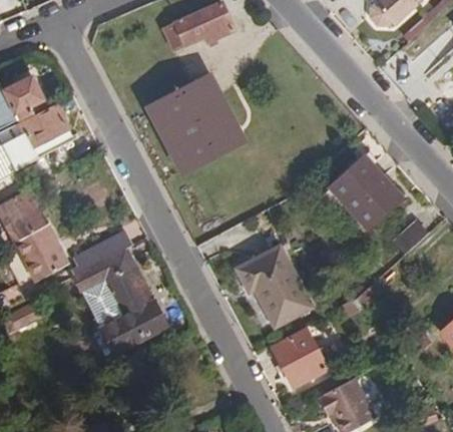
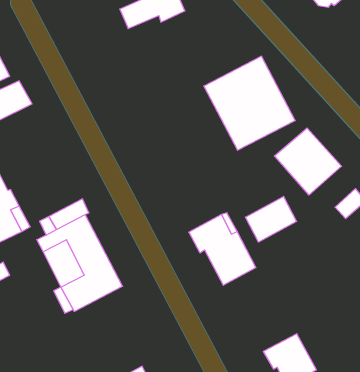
building: [146,74,245,175] -> [204,56,295,150]
building: none -> [245,196,297,242]
building: [272,329,327,387] -> none

